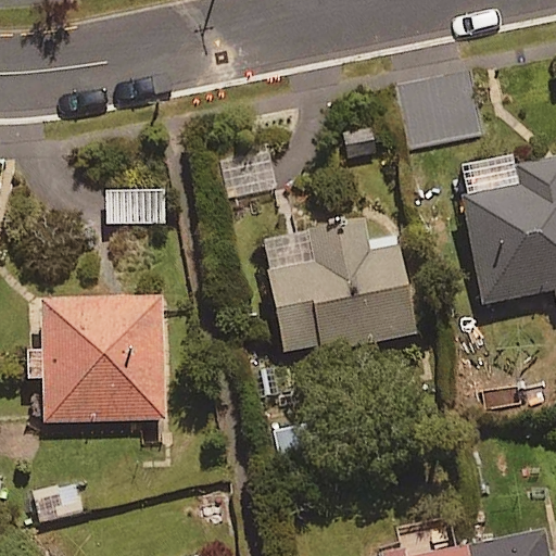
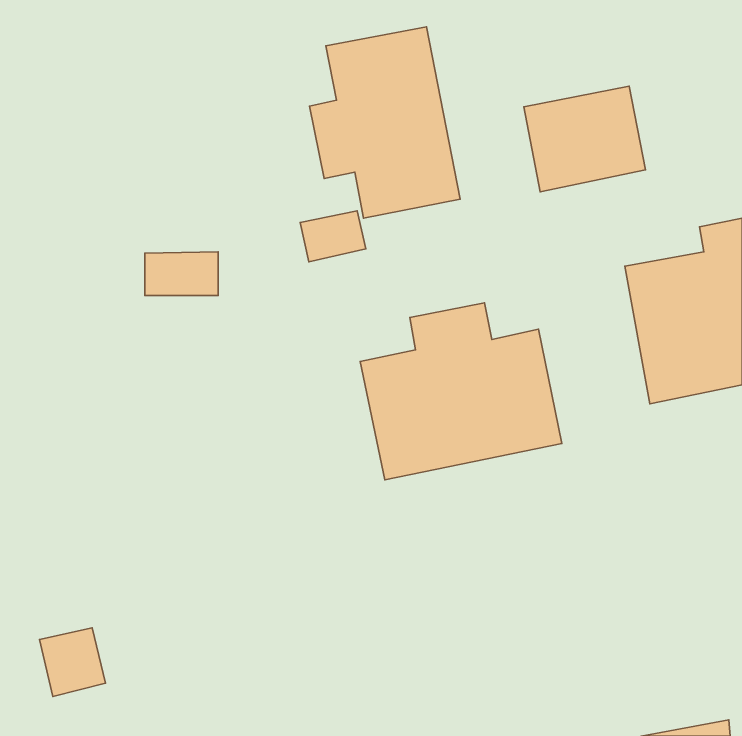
building: none -> [309,27,460,218]
building: [41,296,164,420] -> none

